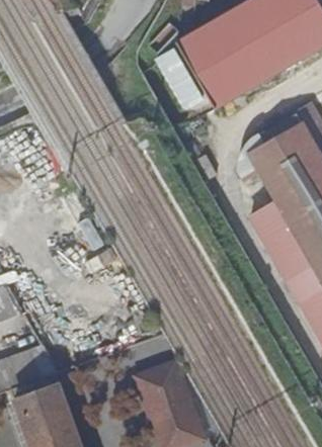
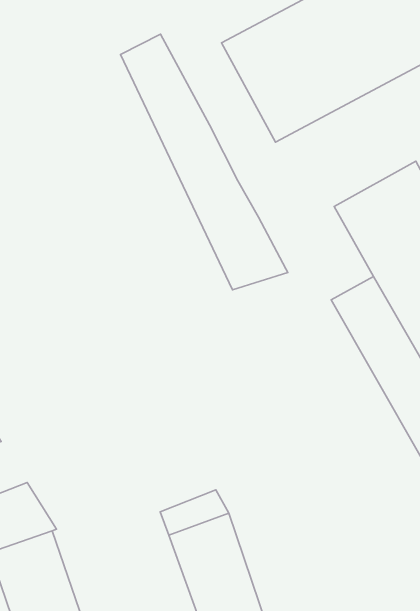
building: none -> [121,34,288,290]

